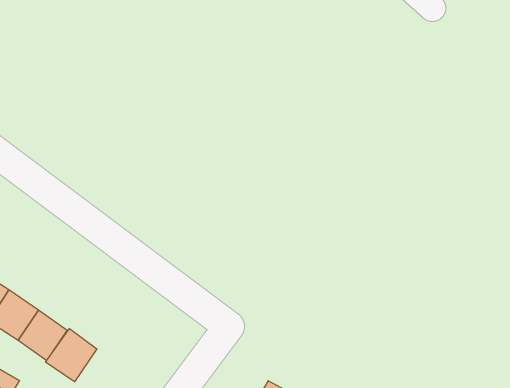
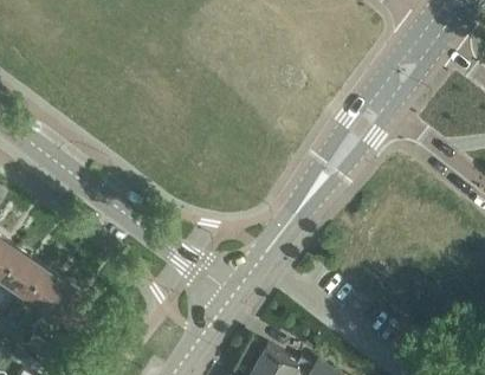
building: [46,329,97,382] -> none

